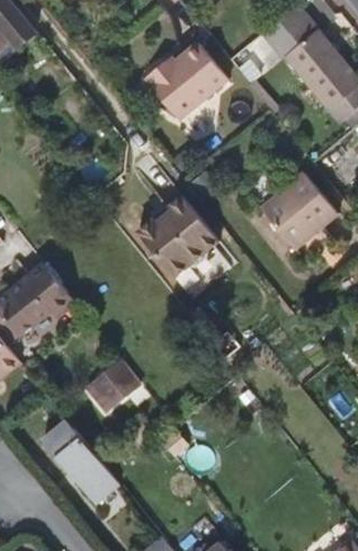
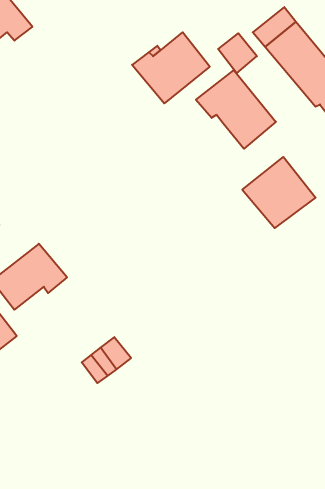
building: none -> [196,70,276,149]
building: [134,192,215,273] -> none
building: [43,419,120,503] -> none

